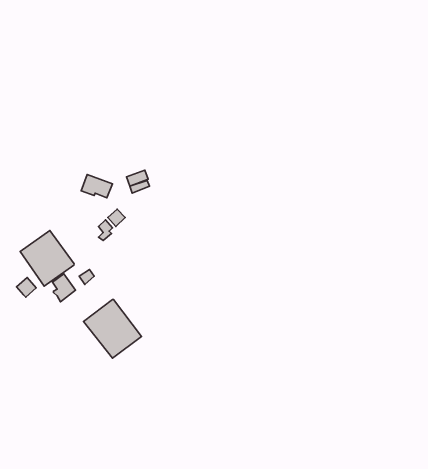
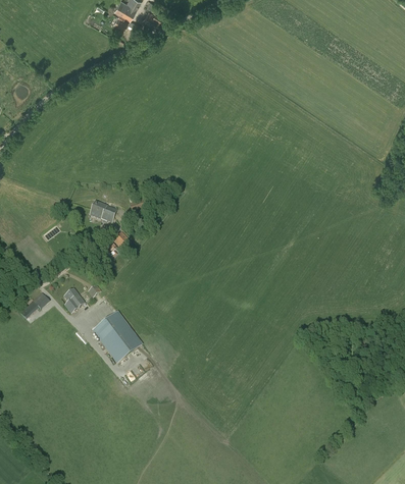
building: [20,230,74,286] -> none

